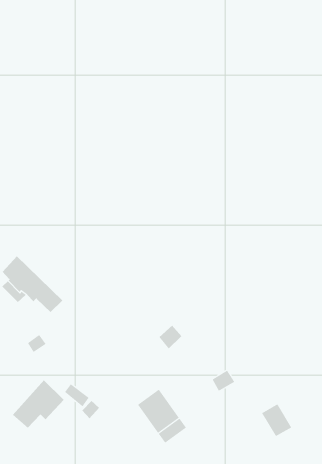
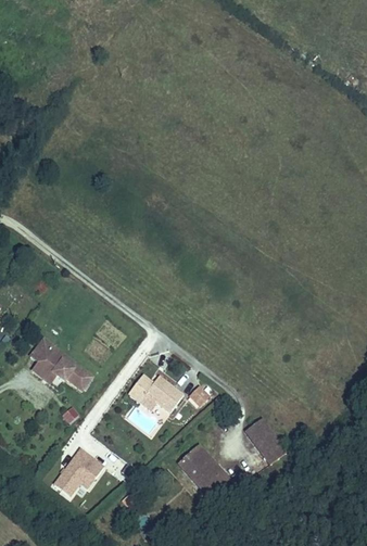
building: none -> [129,369,185,407]
building: [261,403,292,437] -> [252,433,283,466]

